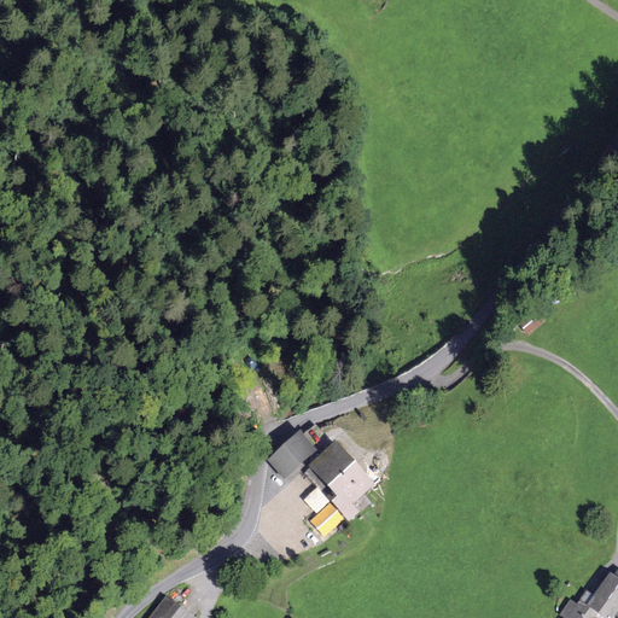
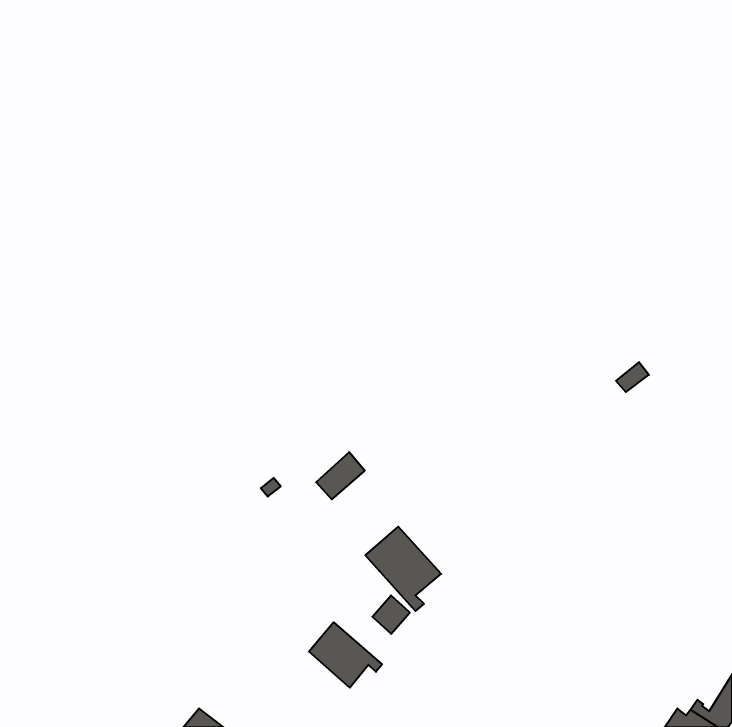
building: [272,433,313,473] -> [316,452,365,499]
building: none -> [309,622,382,688]

